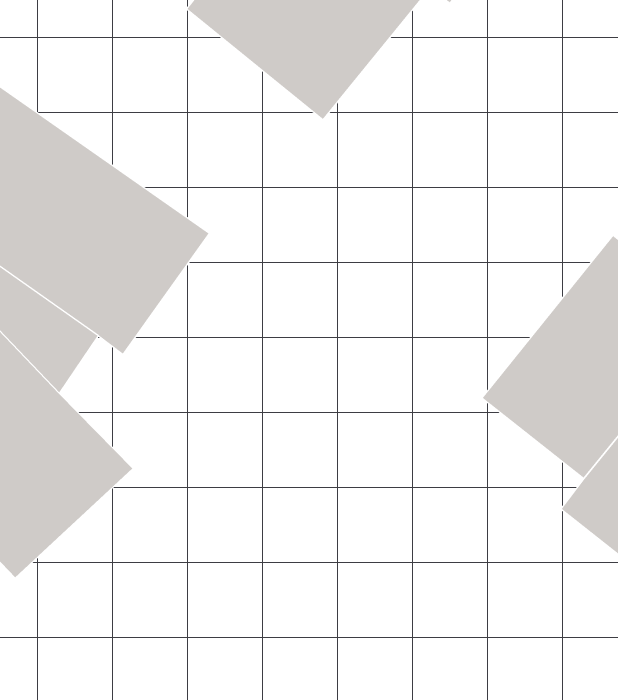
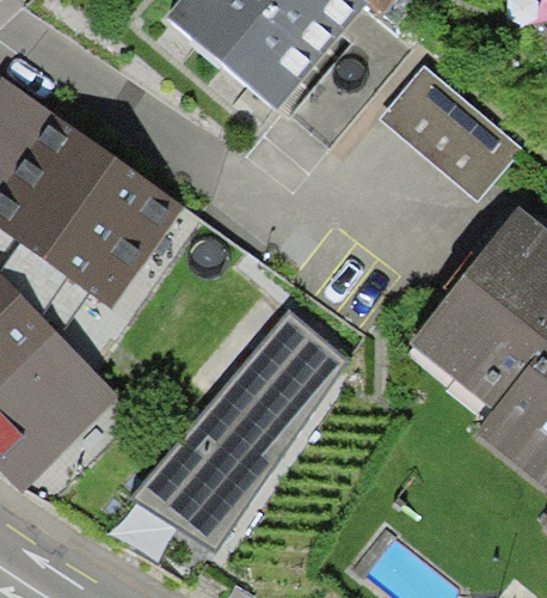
building: none -> [377,69,517,199]
building: none -> [128,312,346,551]

